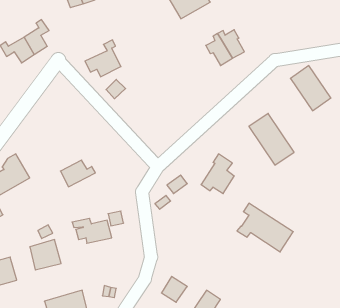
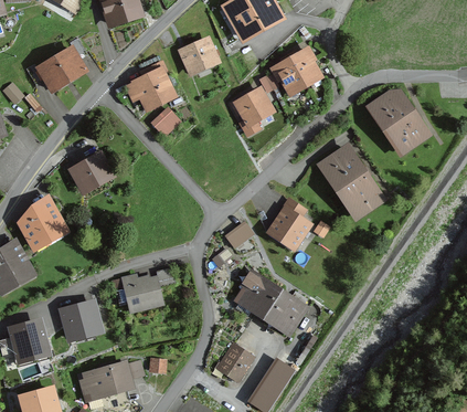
building: none -> [185,42,216,71]
building: none -> [231,91,272,135]
building: [60,160,95,187] -> [73,157,115,189]
building: [237,203,293,252] -> [235,274,303,332]

